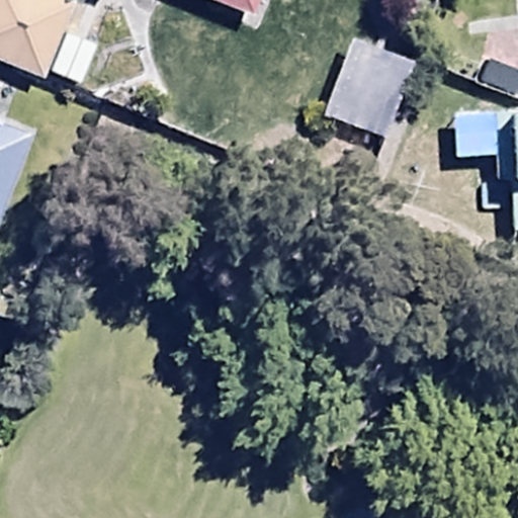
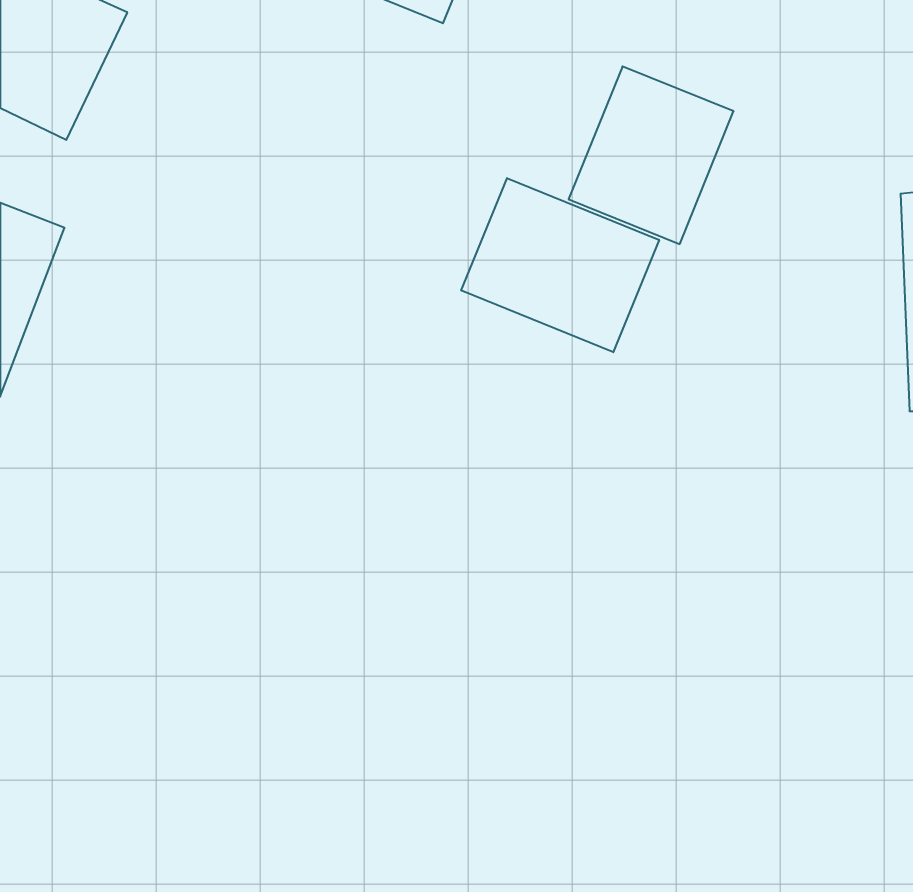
building: none -> [461,178,659,352]

